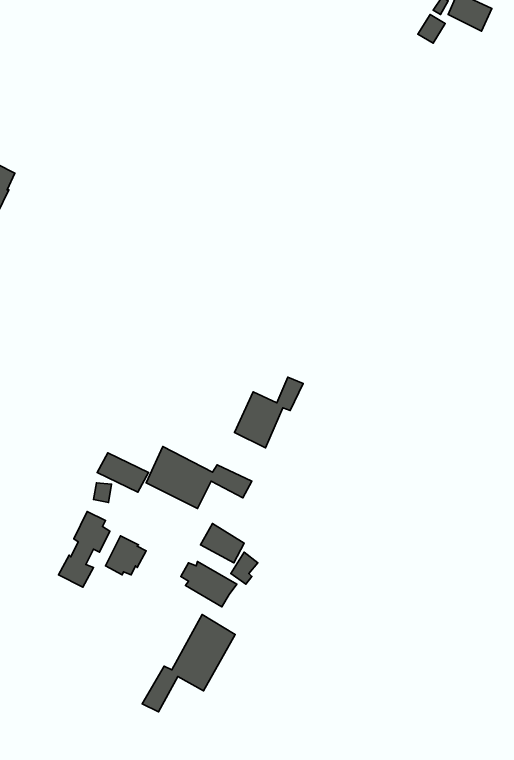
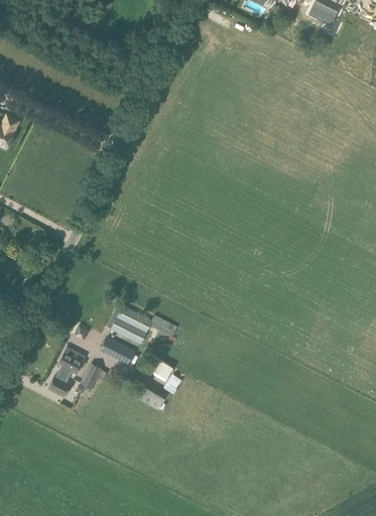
building: [235,377,303,448] -> none
building: [97,453,148,492] -> [100,338,134,364]
building: [142,614,235,712] -> none

